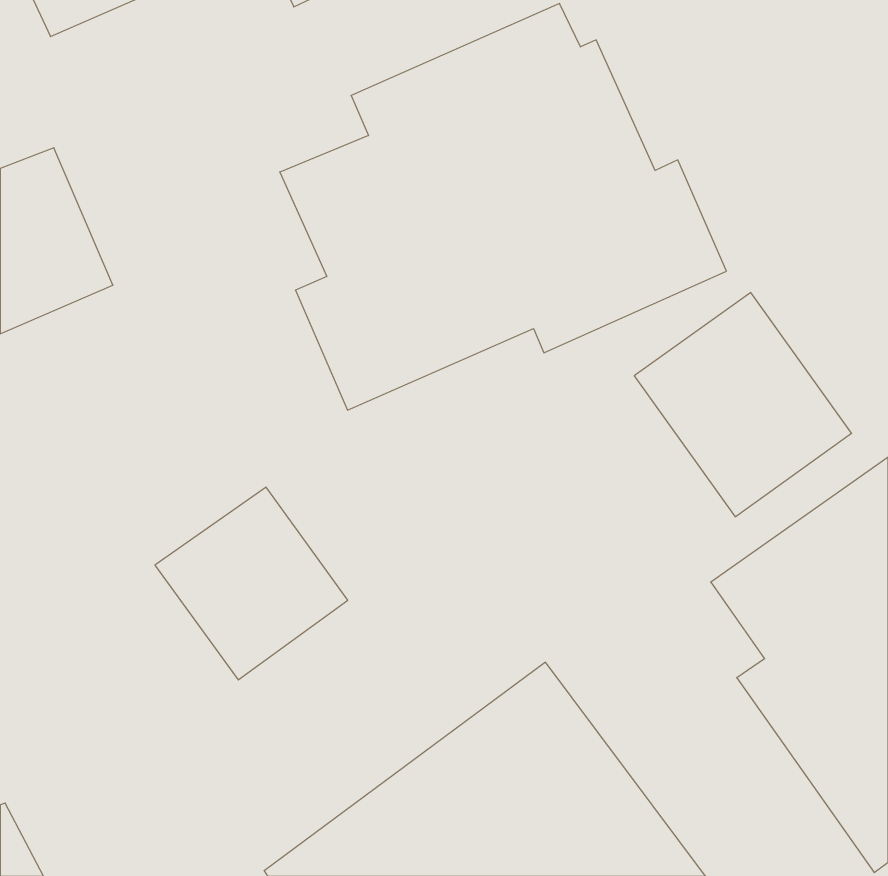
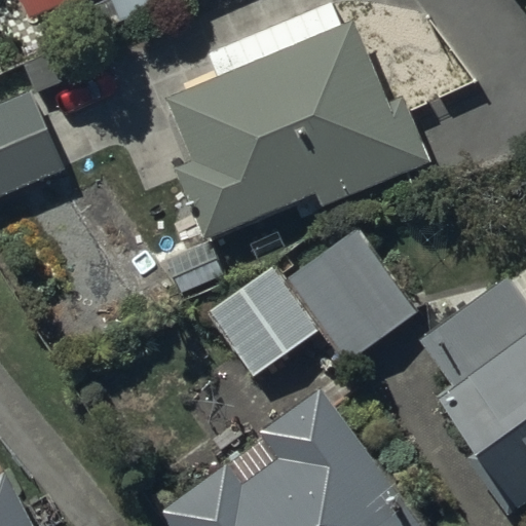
building: [634,292,852,517] -> [289,229,417,362]
building: [155,487,348,680] -> [204,264,318,378]

